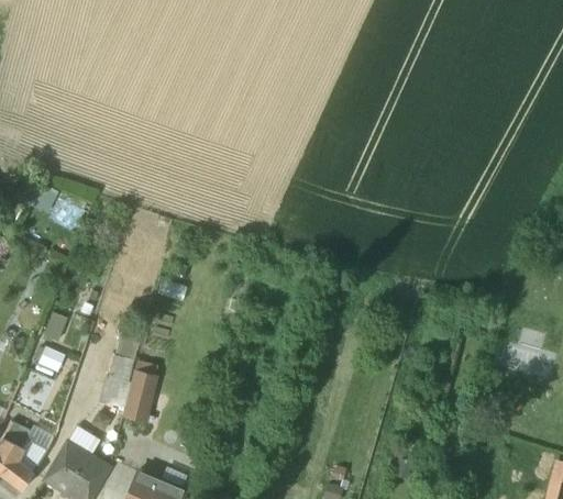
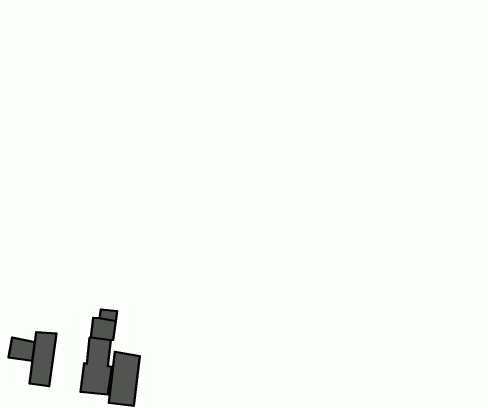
building: none -> [29,332,56,386]

